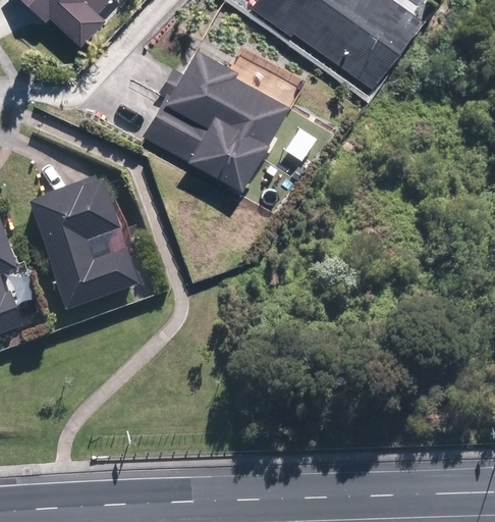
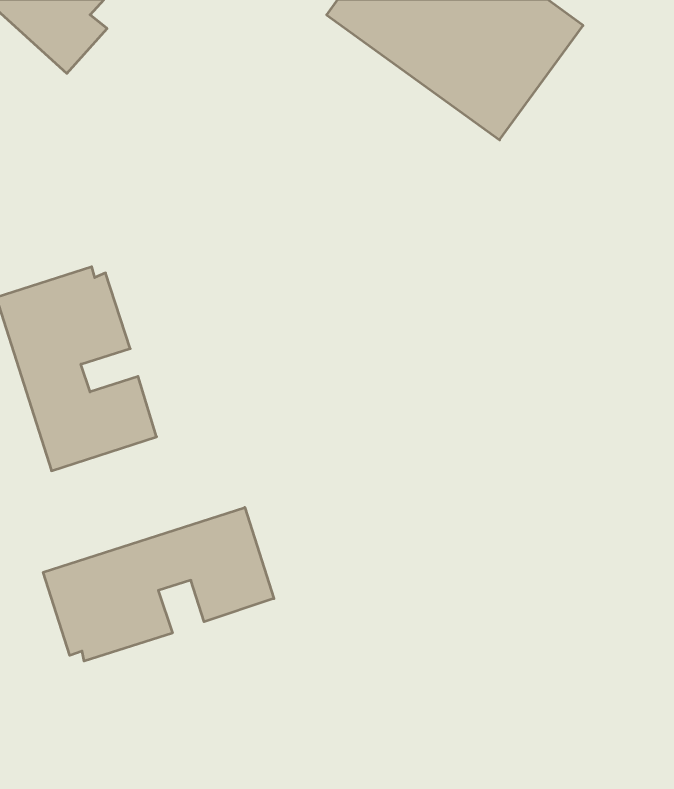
building: [144,43,291,188] -> none
building: none -> [43,507,274,661]

